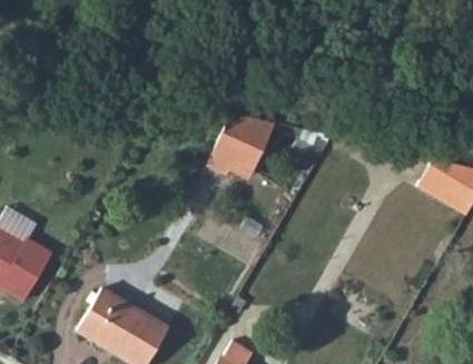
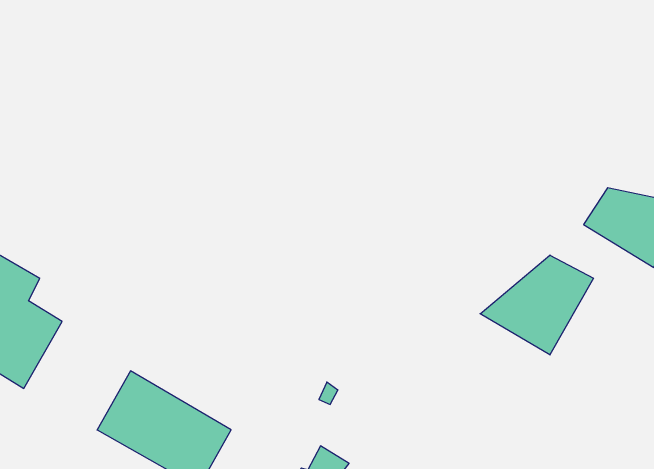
building: [200,115,273,175] -> none
building: none -> [480,255,593,355]

